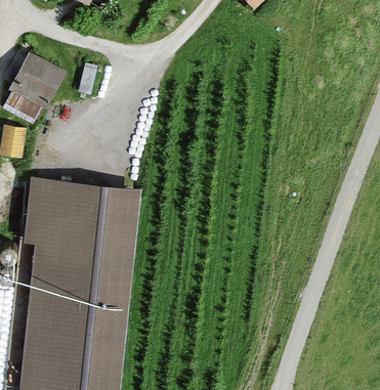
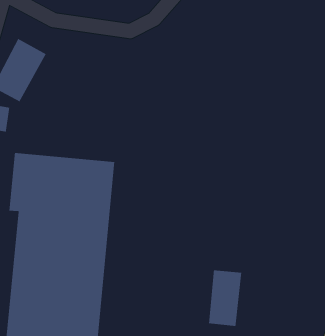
building: none -> [208,269,242,327]

